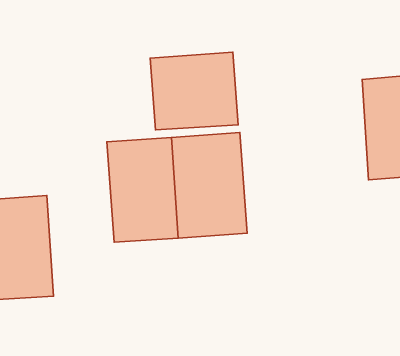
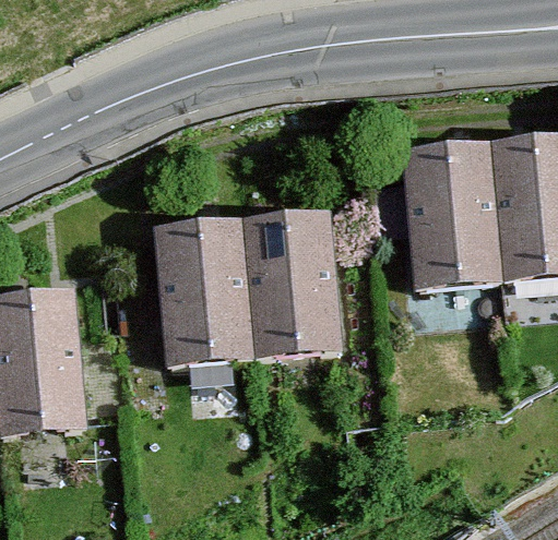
building: [150,52,238,130] -> none
building: none -> [405,144,499,281]

